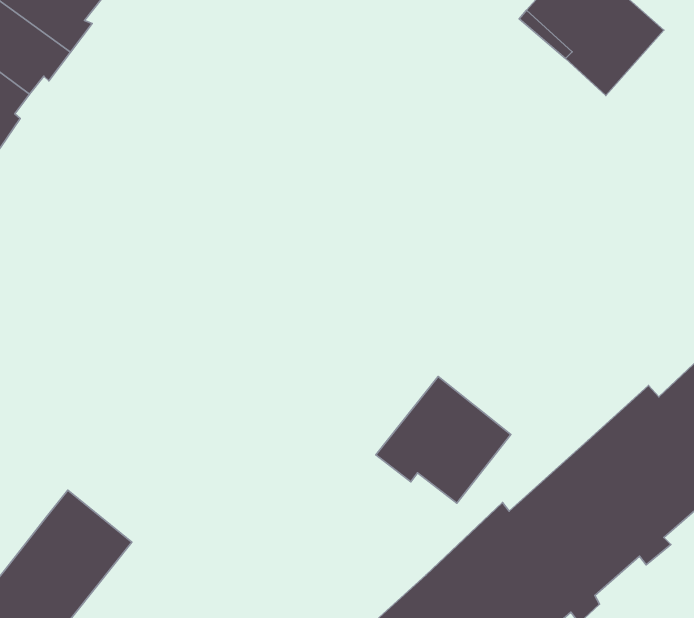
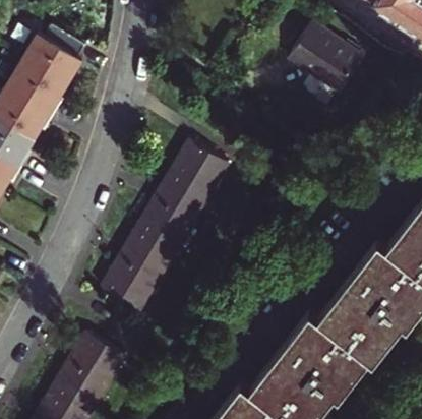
building: none -> [104,146,227,313]
building: [376,376,511,503] -> none

